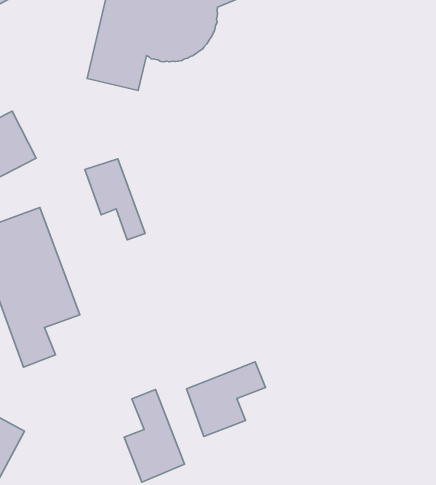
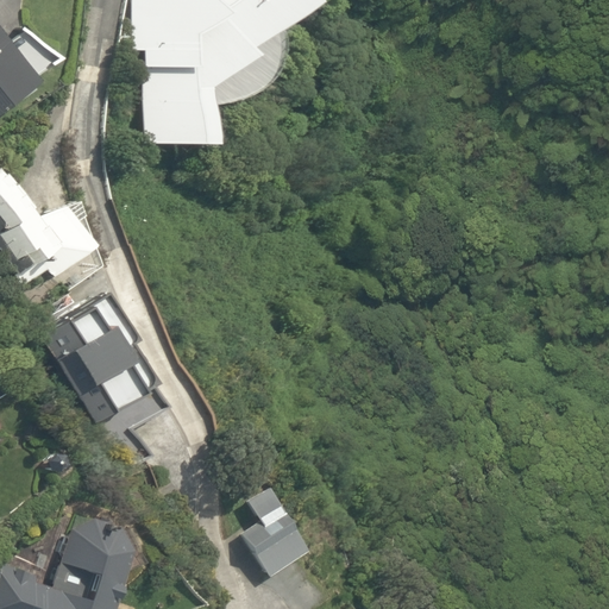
building: [85,159,145,240] -> none
building: [186,362,265,437] -> none

